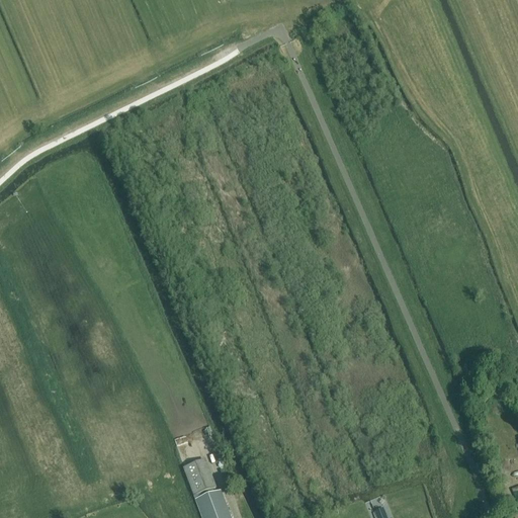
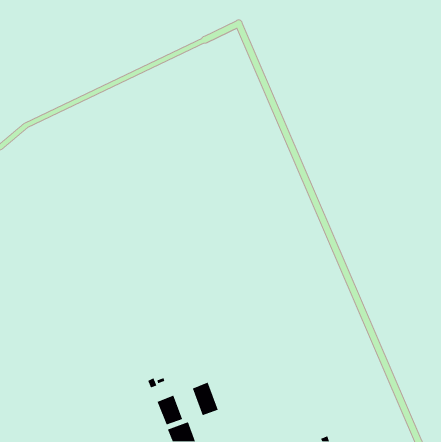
building: none -> [192,382,219,416]

